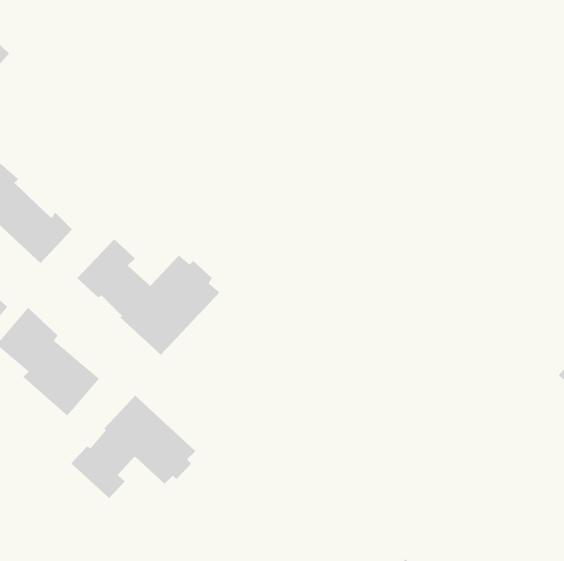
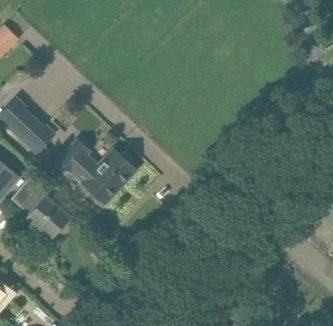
building: [70,395,196,499] -> none

